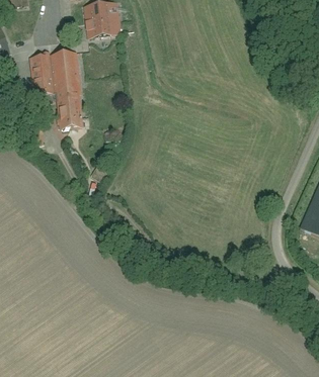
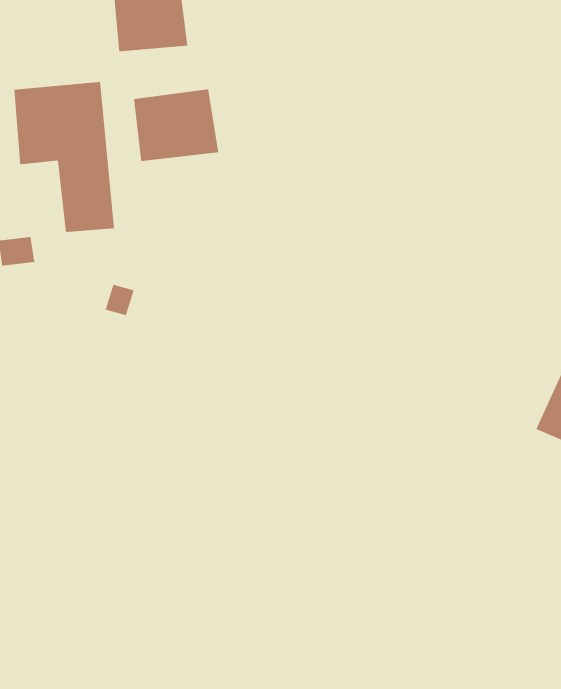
building: none -> [133,88,219,162]

